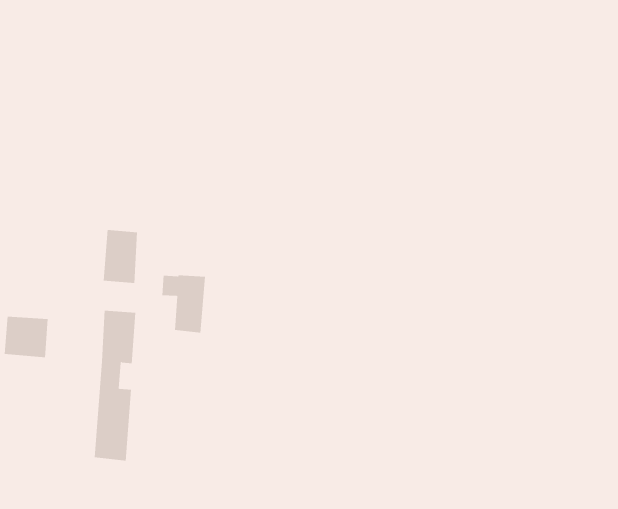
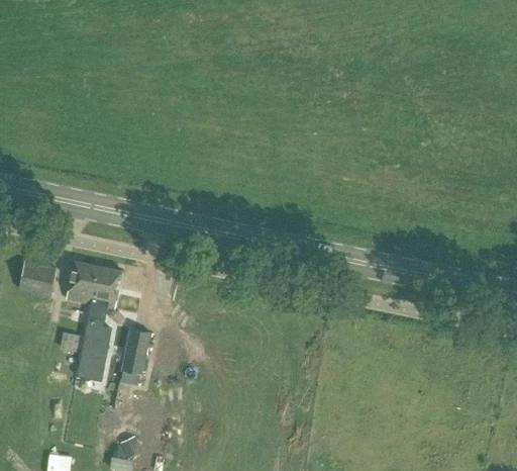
building: [103,230,138,283] -> [67,261,98,304]
building: [161,275,206,333] -> [115,326,150,374]

